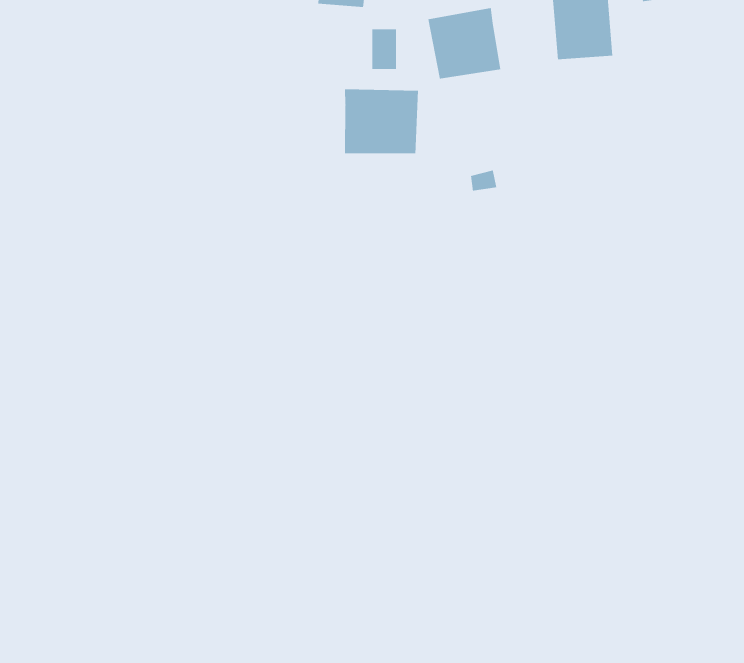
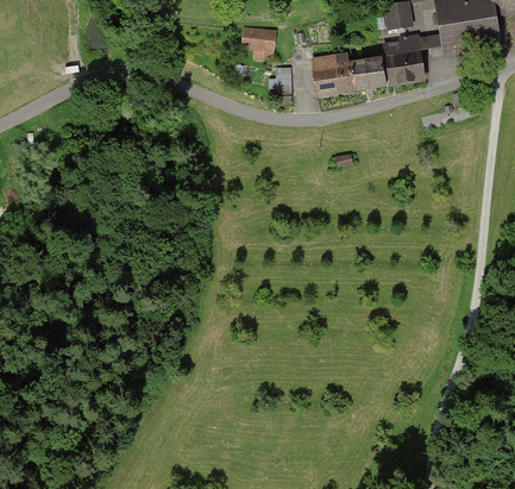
building: none -> [350,54,389,89]
building: [344,89,418,154] -> none

